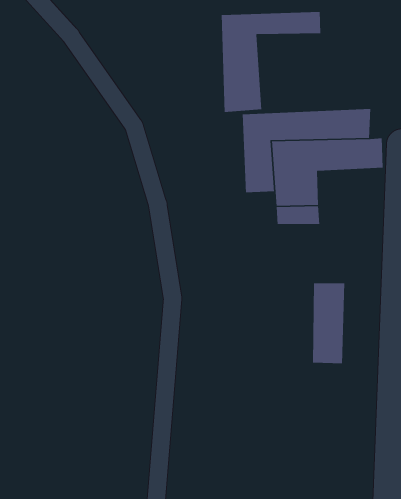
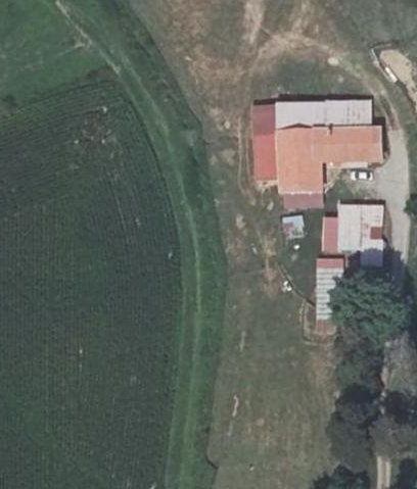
building: [221,11,321,113] -> none
building: none -> [325,202,382,264]

